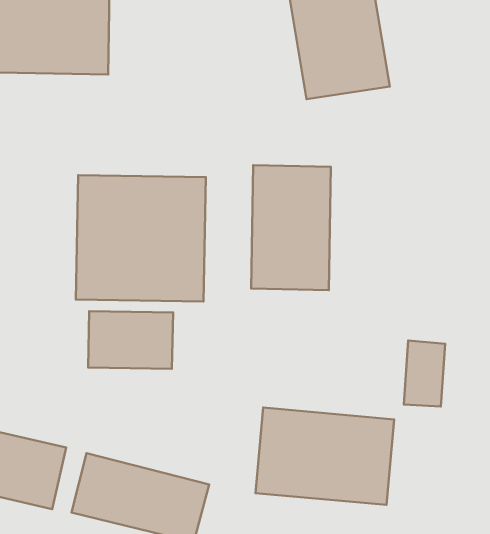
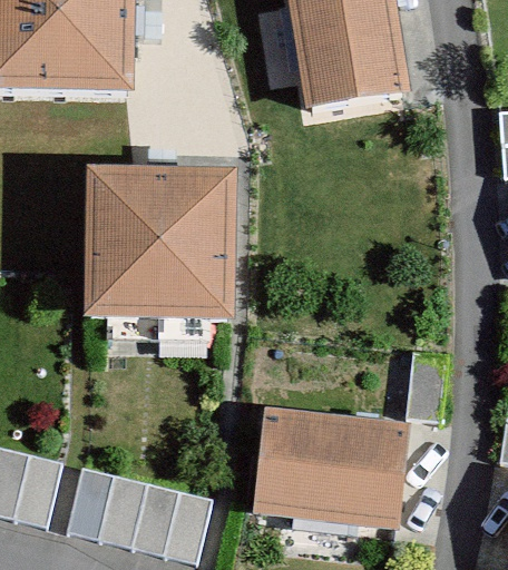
building: [251,165,331,290] -> none
building: [88,311,173,369] -> none

